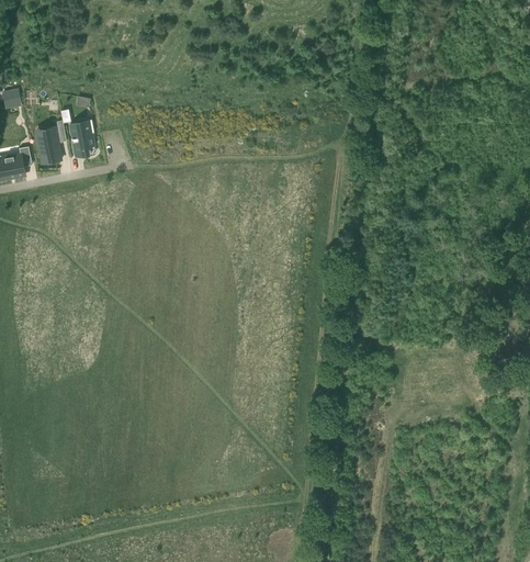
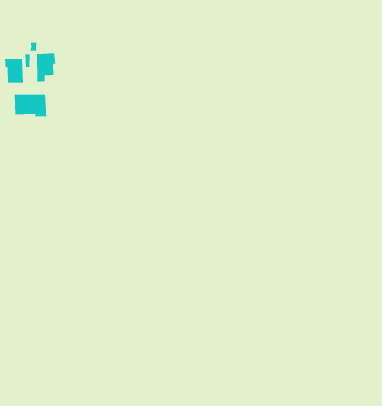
building: none -> [14,94,47,117]

